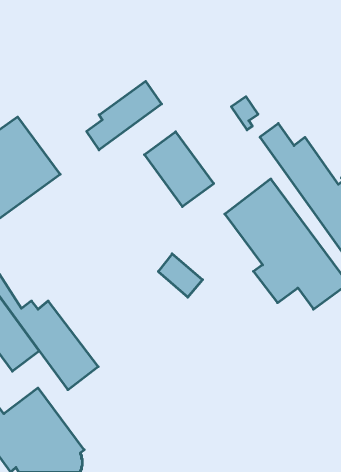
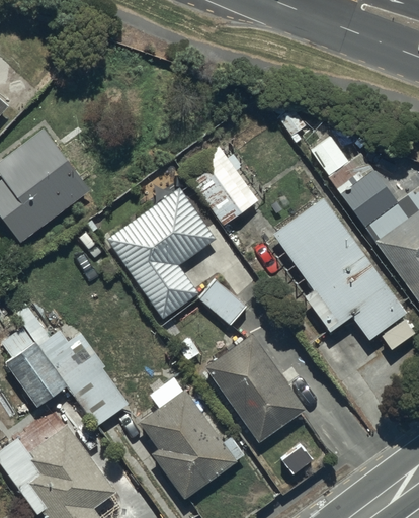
building: [87,81,162,150] -> none
building: none -> [99,187,218,319]
building: none -> [206,334,306,443]
building: none -> [140,376,245,500]

